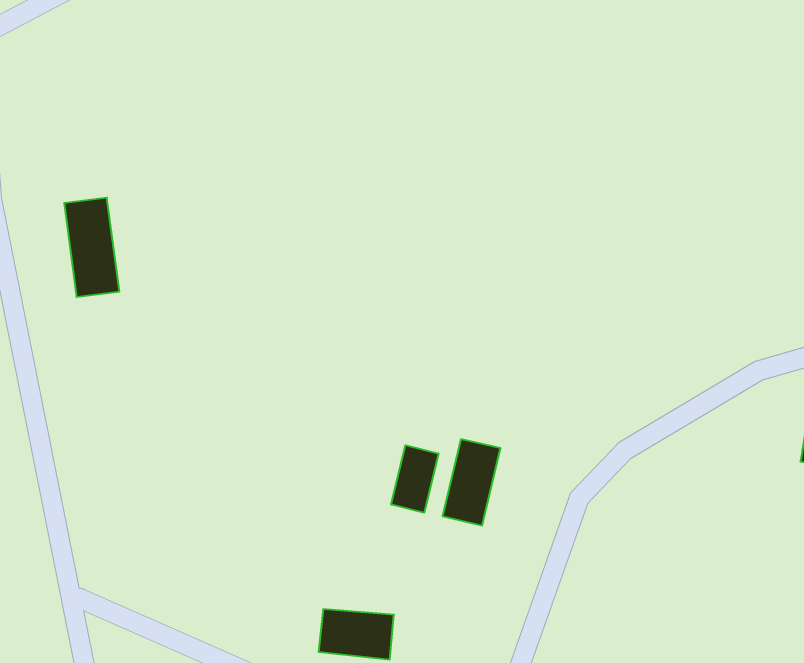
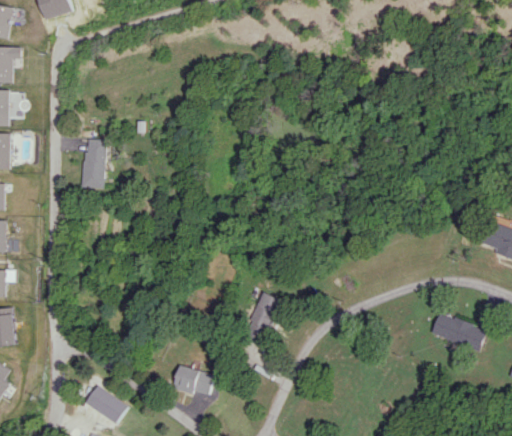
building: [391,445,438,513] -> none

